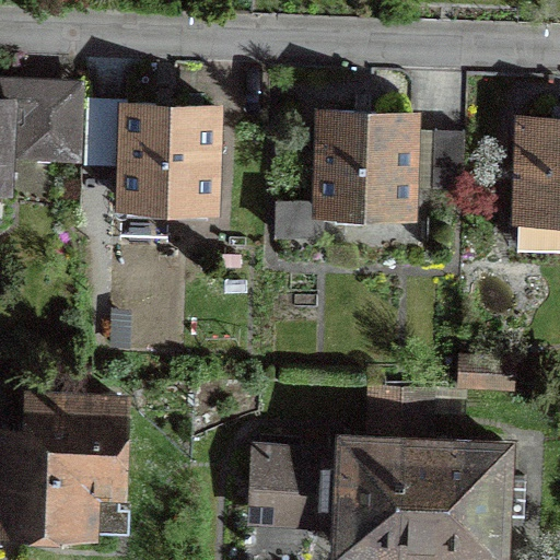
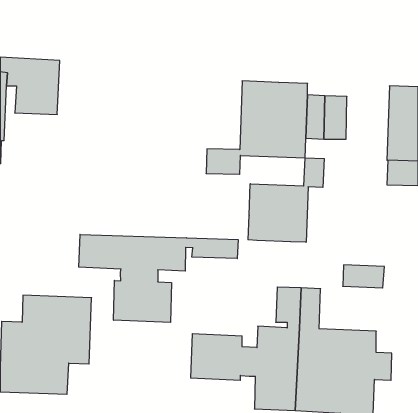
building: [86,107,214,210] -> none
building: none -> [248,158,324,242]
building: none -> [79,234,238,322]

